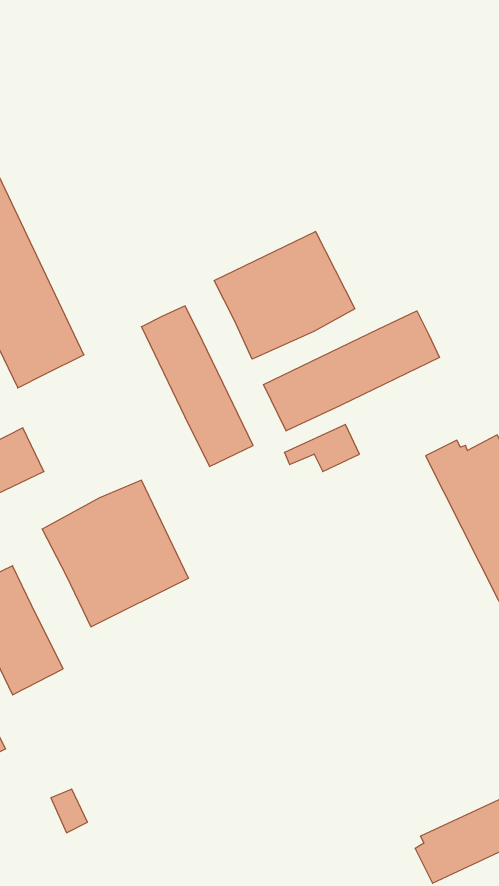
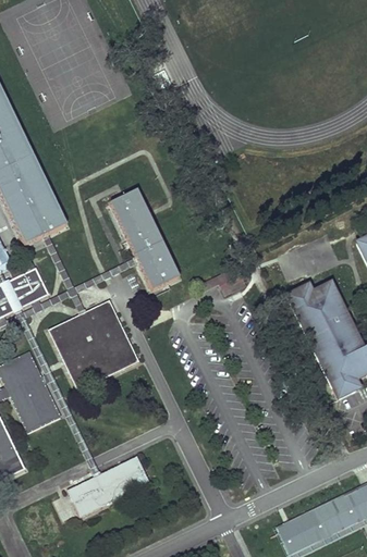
building: [214,231,355,359] -> none
building: [264,311,440,431] -> none
building: none -> [64,458,146,518]

